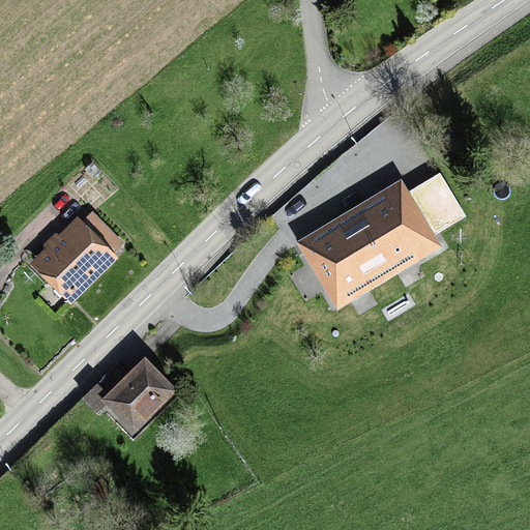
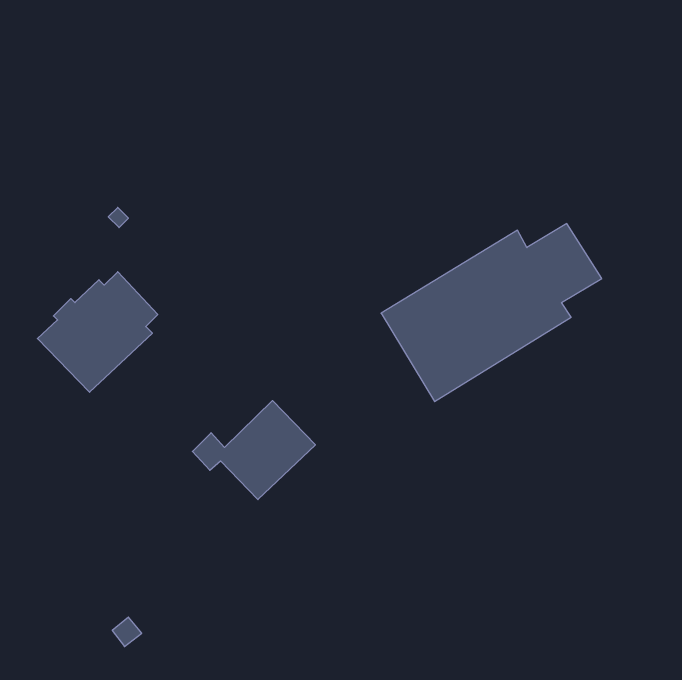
building: [82,357,177,434] -> [192,401,315,500]

